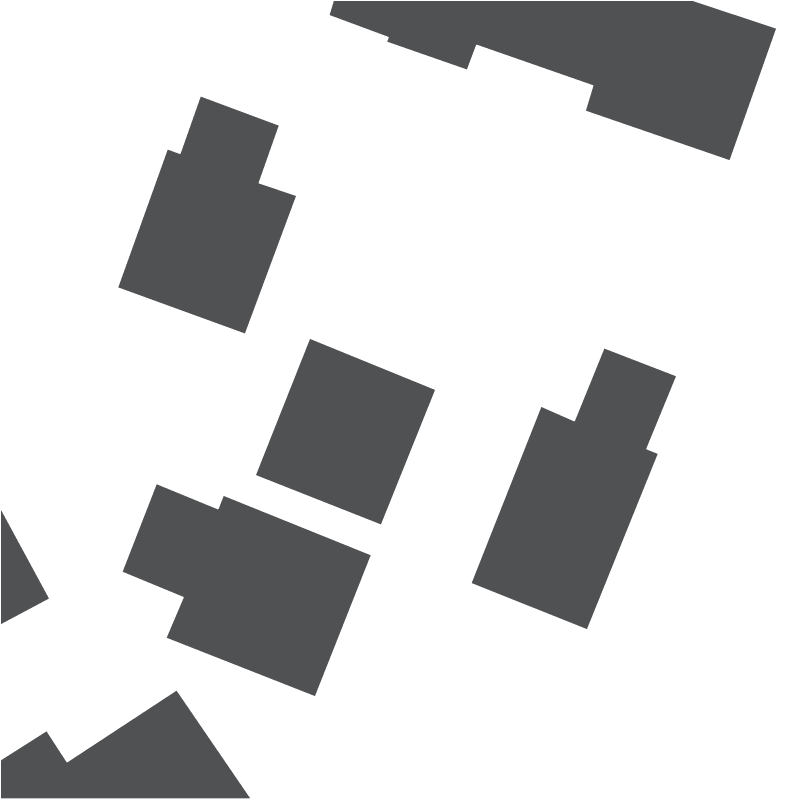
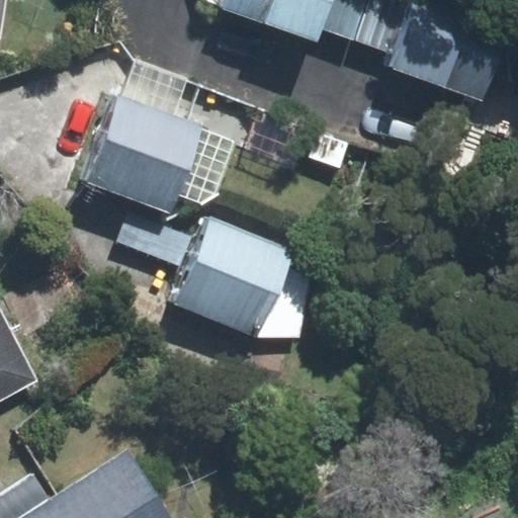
building: [471,347,677,630] -> none
building: [121,483,372,697] -> none

